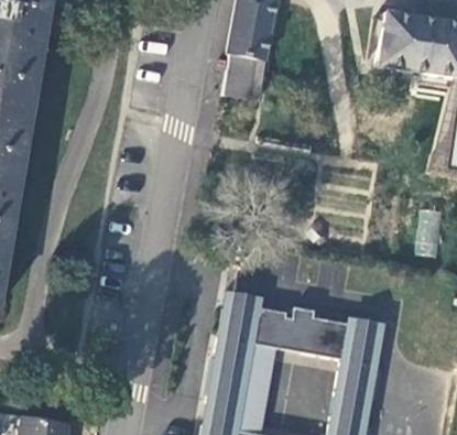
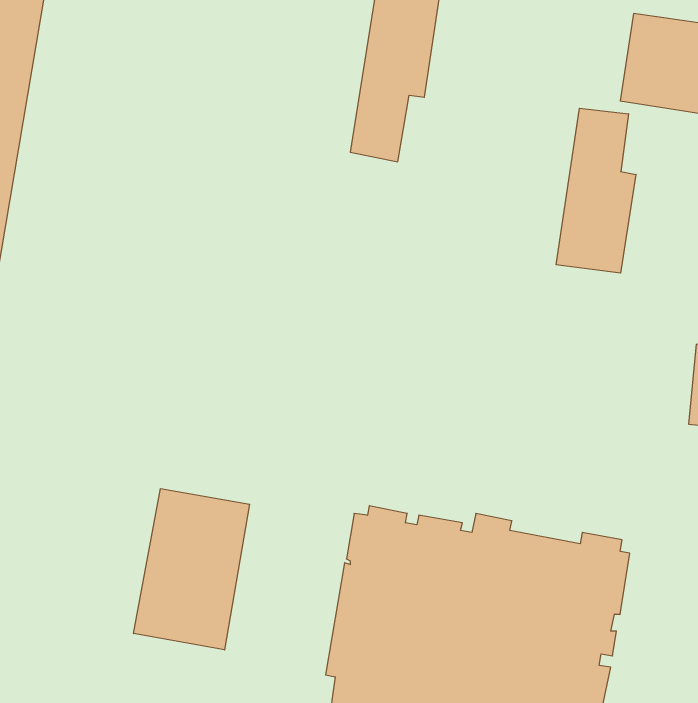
building: none -> [556,108,636,273]
building: none -> [134,489,250,650]

